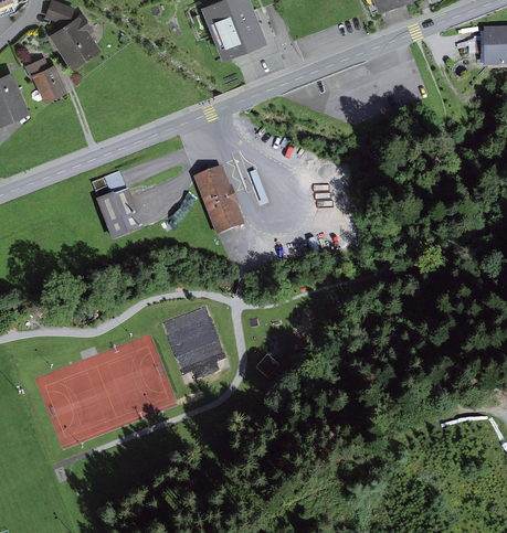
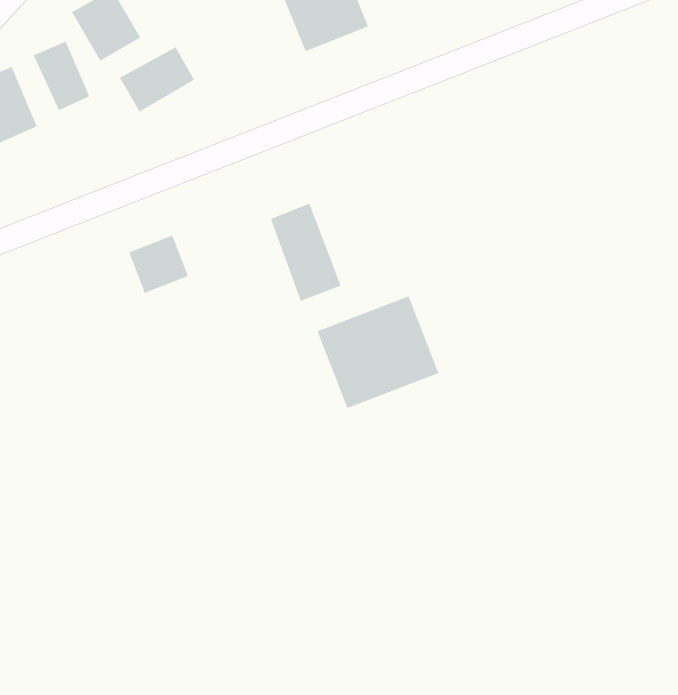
building: none -> [119,47,195,112]
building: none -> [317,296,439,409]

